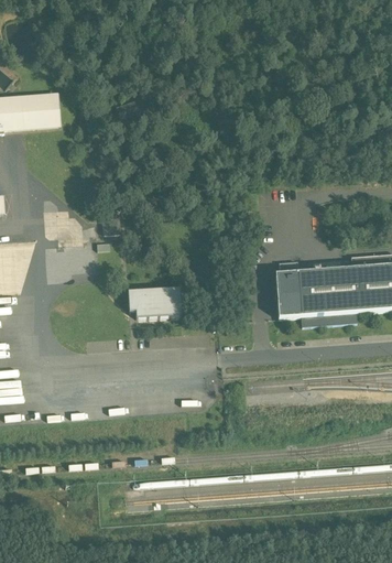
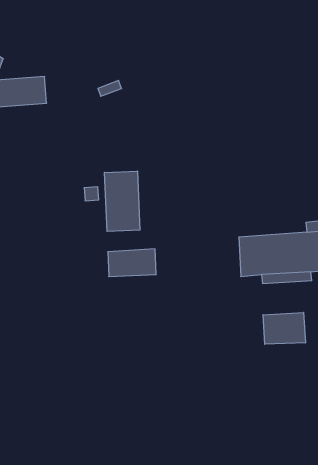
building: none -> [105,171,140,231]
building: none -> [263,312,305,344]

